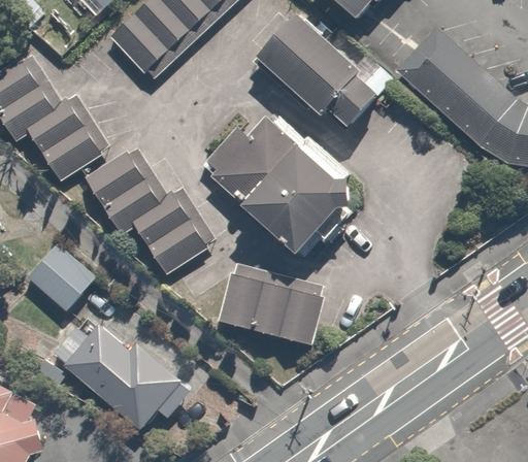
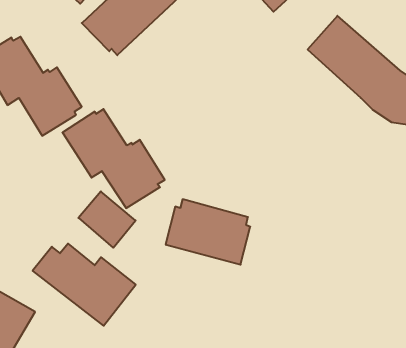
building: [255,15,376,137] -> none
building: [205,116,349,255] -> none
building: [20,239,93,311] -> [78,191,136,248]

